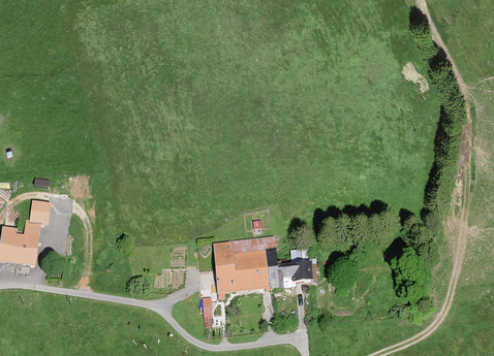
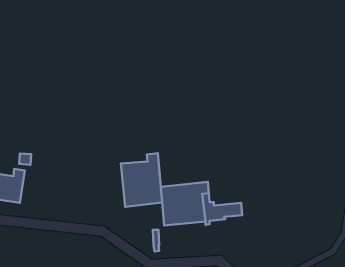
building: none -> [121,153,162,207]

